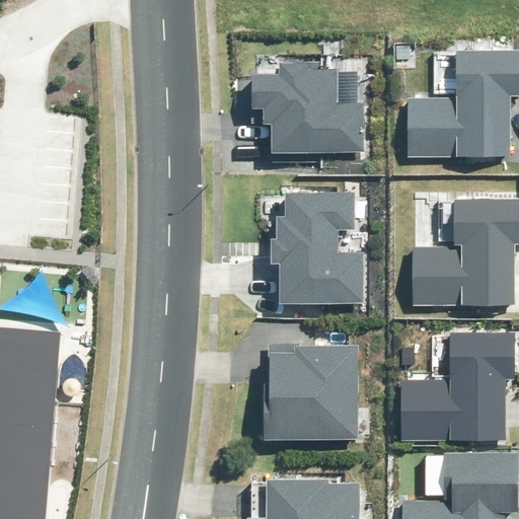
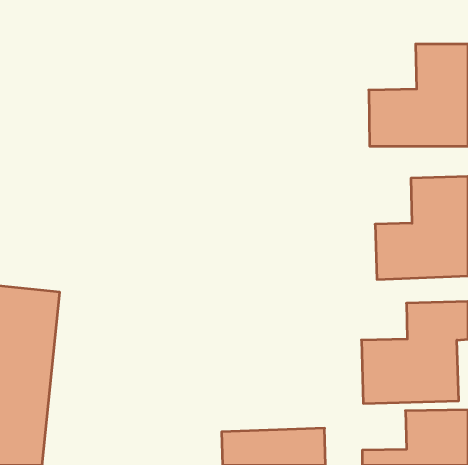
building: [248,59,363,162] -> none
building: [277,184,361,307] -> none
building: [261,344,359,447] -> none

